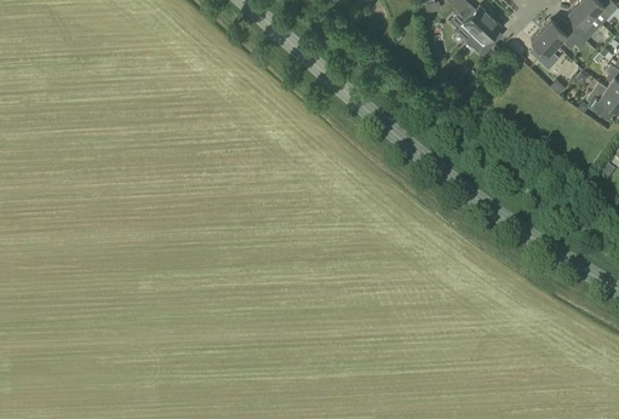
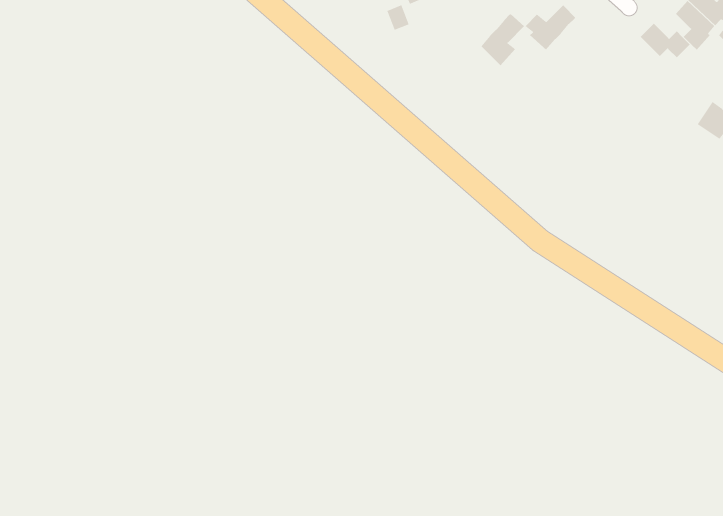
building: [466,17,501,58] -> [480,14,525,66]
building: [528,31,560,71] -> none

